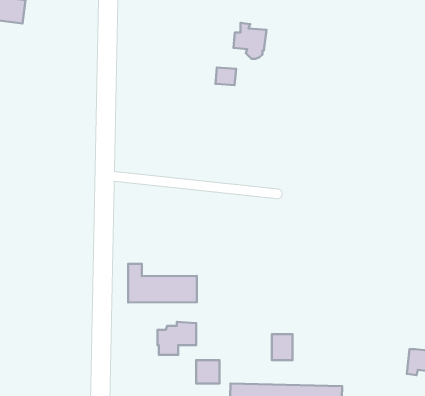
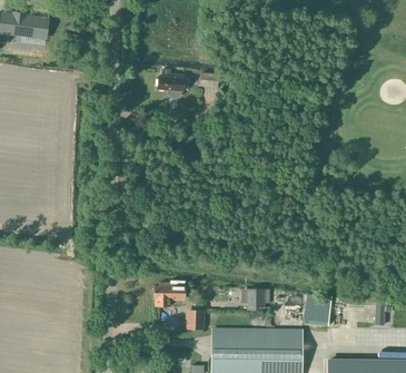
building: [233,23,267,59] -> [157,69,184,98]
building: [128,264,197,302] -> none
building: none -> [304,294,331,321]

